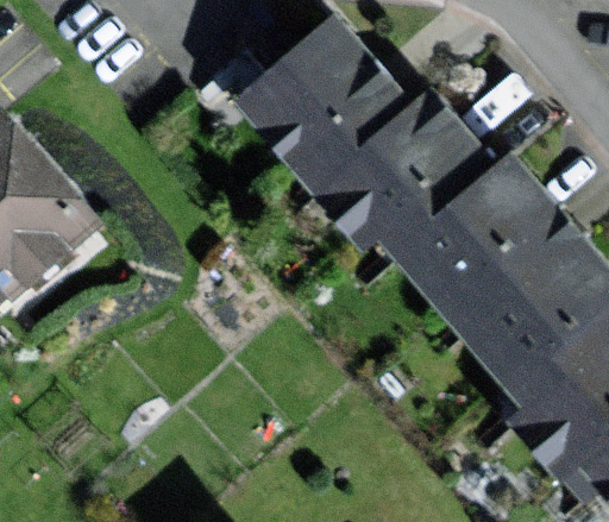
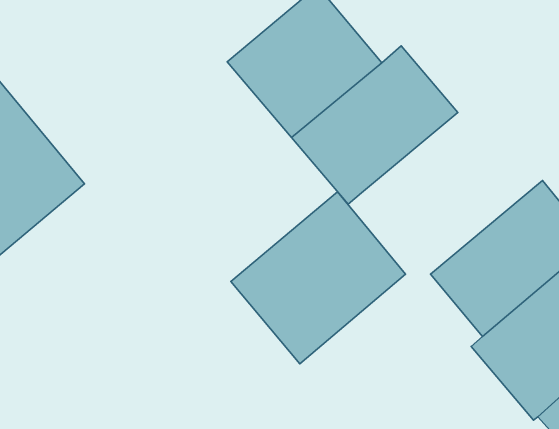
building: [387,143,577,327] -> none
building: none -> [231,192,405,364]

